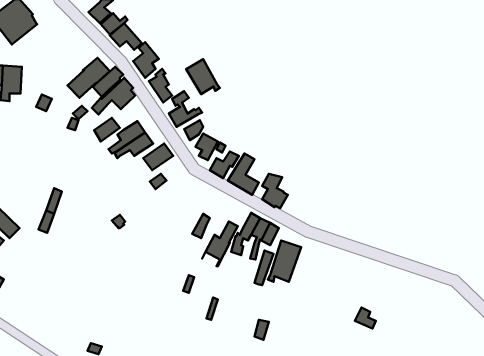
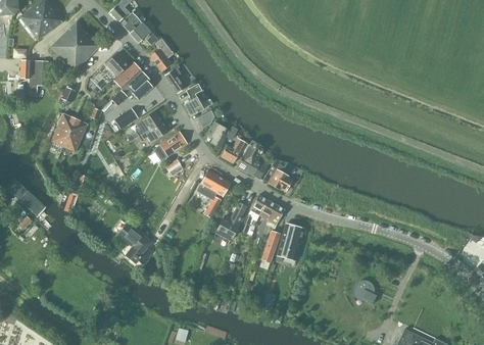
building: none -> [50,21,100,70]
building: [186,59,220,94] -> none
building: none -> [51,114,85,150]
building: none -> [200,169,230,196]
building: none -> [118,224,151,263]

